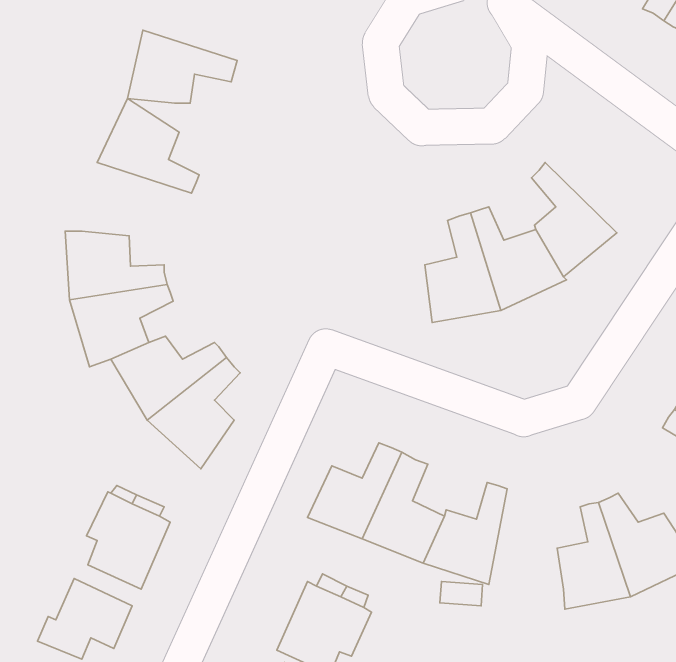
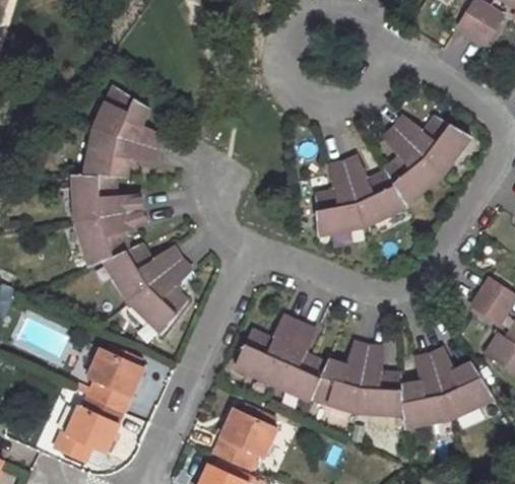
building: [128,30,237,103] -> [83,129,156,178]
building: none -> [392,119,468,176]
building: none -> [355,346,404,413]

